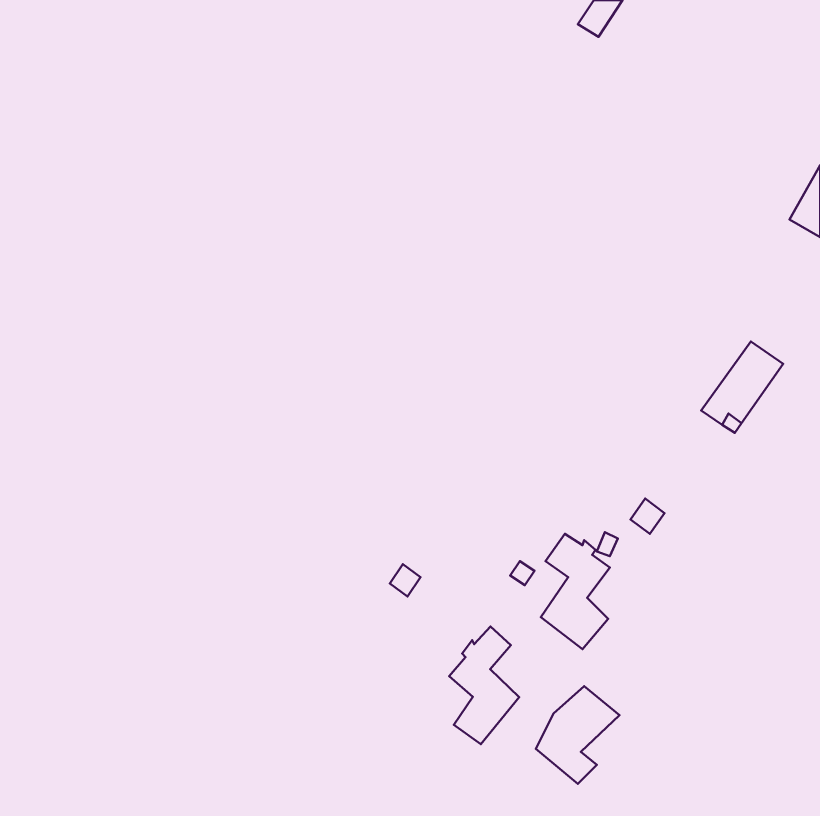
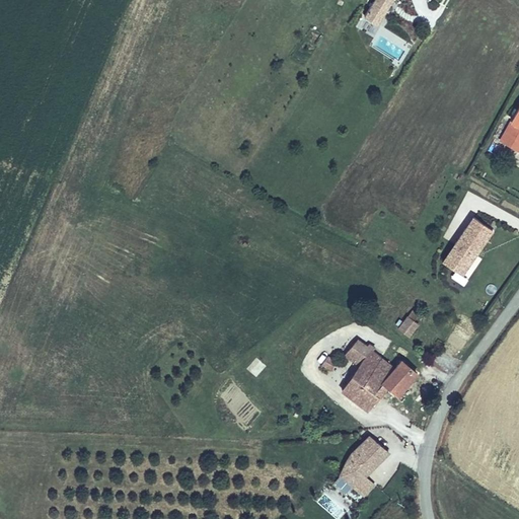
building: none -> [371,361,420,397]
building: [449,627,519,744] -> none

